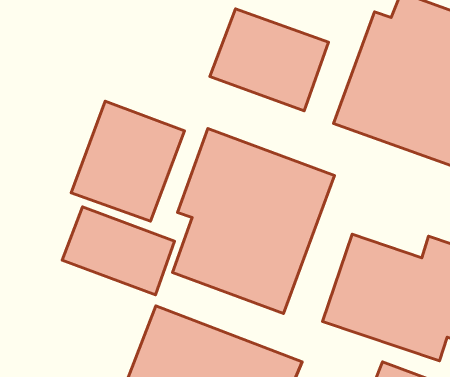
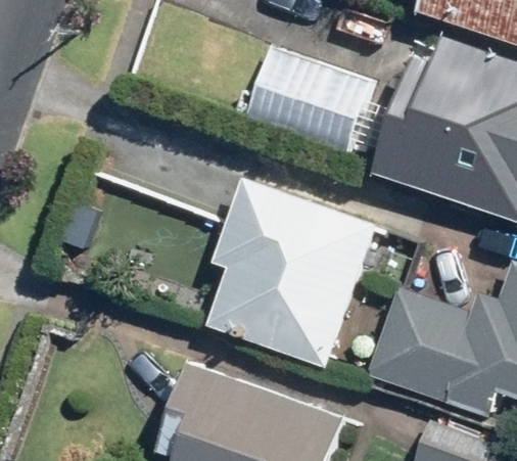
building: [71,101,184,221] -> none
building: [62,207,174,295] -> none

